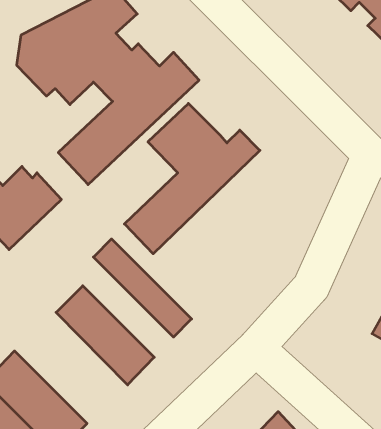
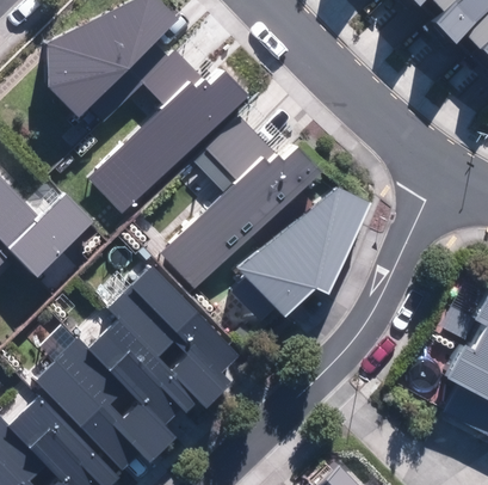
building: none -> [234,180,369,311]
building: none -> [109,289,229,409]
building: none -> [33,340,177,475]

